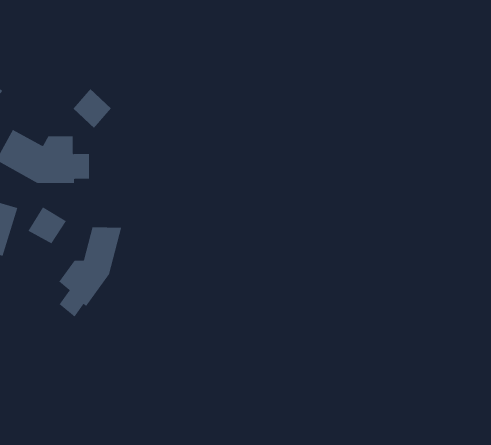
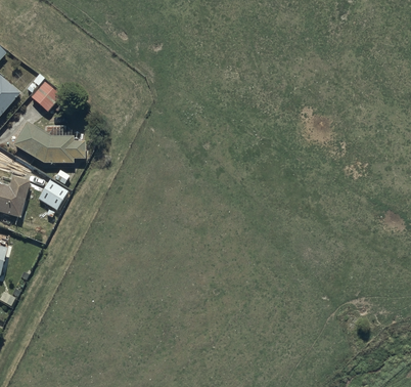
building: [73,88,112,129] -> [31,82,60,113]
building: [58,226,122,317] -> none

